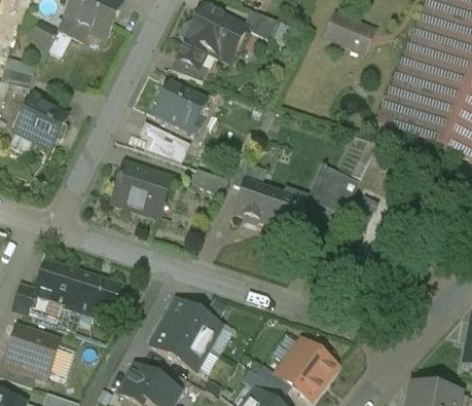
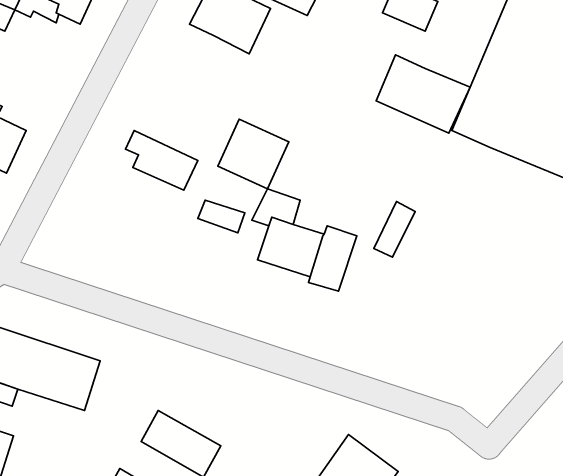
building: [169,40,206,79] -> none
building: none -> [376,55,470,133]
building: [155,82,207,133] -> [218,119,289,189]
building: [111,162,173,217] -> none
building: [164,297,221,345] -> none

